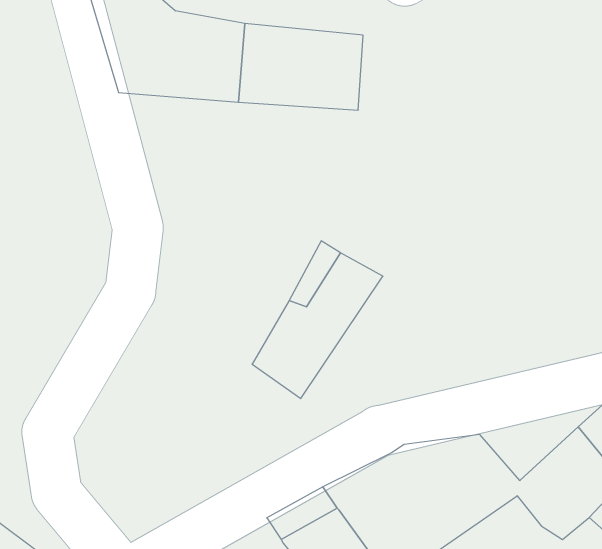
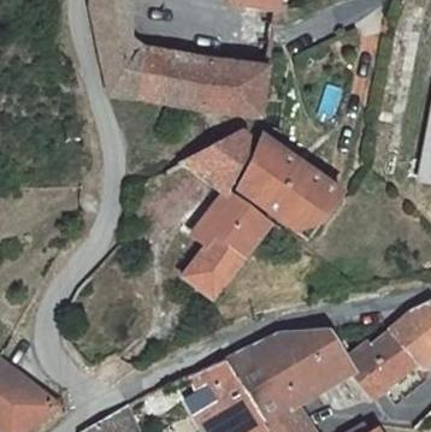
building: none -> [176,132,252,196]
building: none -> [240,135,341,238]

